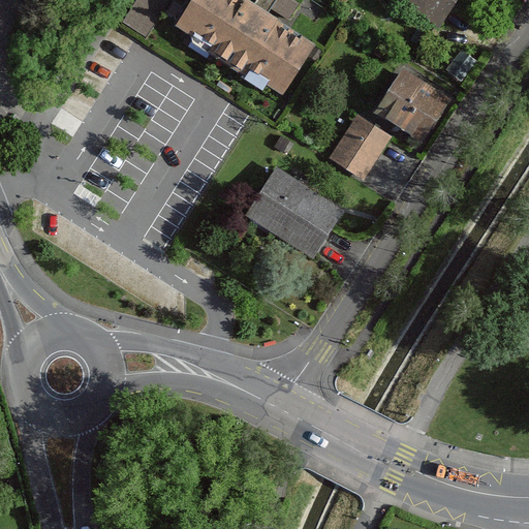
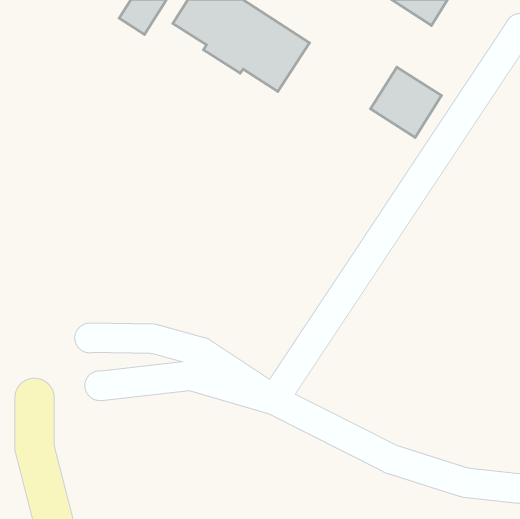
building: [331,116,388,176] -> none
building: [248,167,342,255] -> none

